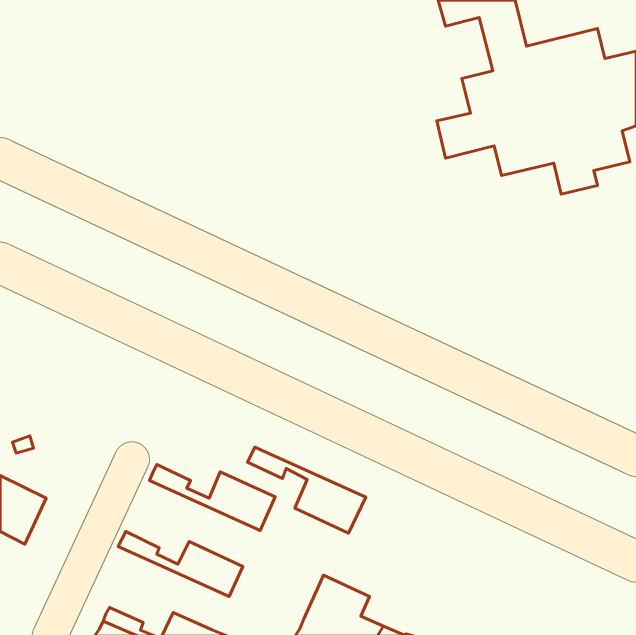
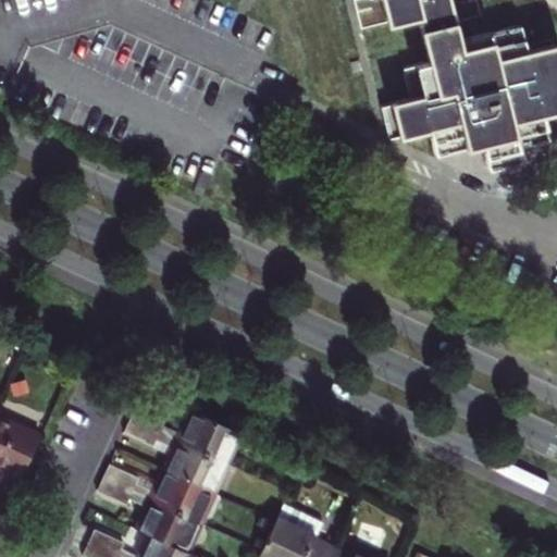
building: [248,447,366,533] -> [124,421,227,496]
building: none -> [97,479,200,552]

